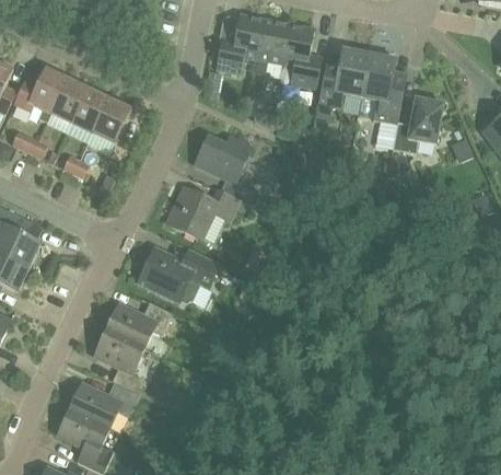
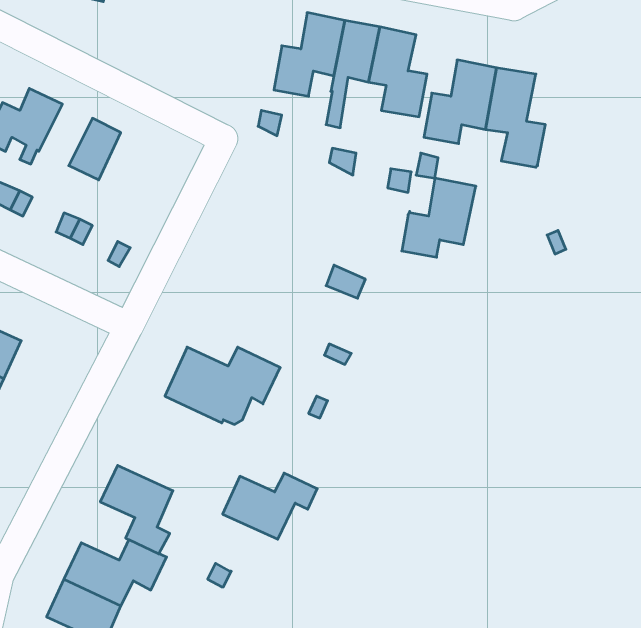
building: [51,79,89,121] -> none
building: [392,97,443,152] -> [402,178,476,257]
building: [93,99,129,141] -> none
building: [194,137,251,183] -> none
building: [166,187,240,239] -> none
building: [106,301,172,347] -> [223,473,317,539]

